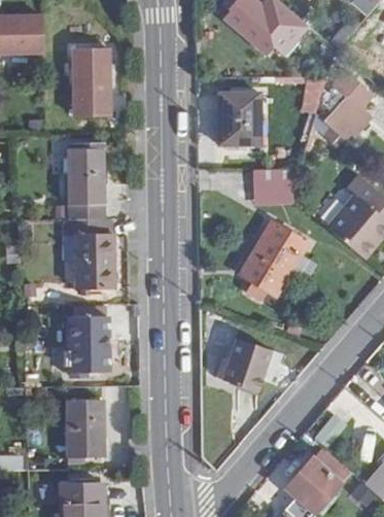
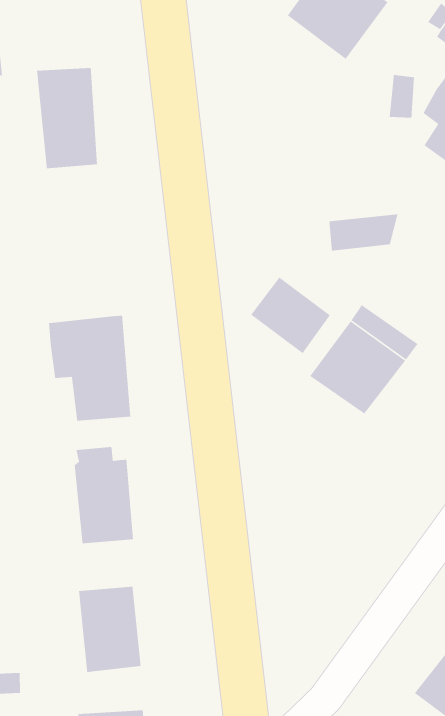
building: [211,92,254,144] -> none
building: [65,149,103,220] -> none
building: none -> [250,277,331,354]
building: [214,335,265,388] -> none

